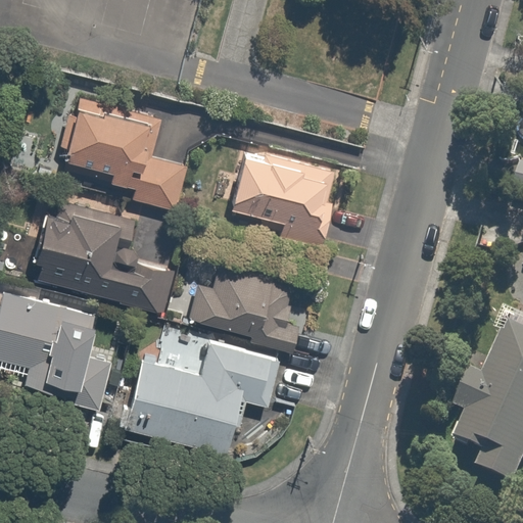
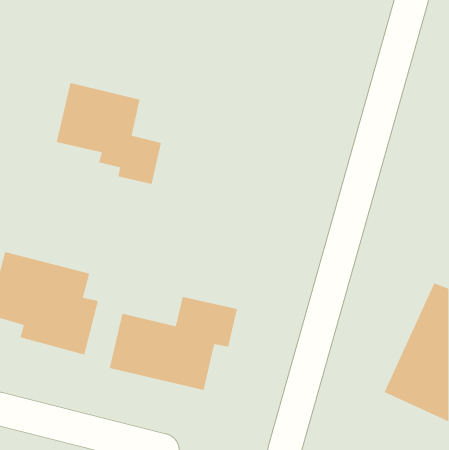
building: [227,146,340,246] -> none
building: [43,206,171,311] -> none
building: [188,266,305,347] -> none

